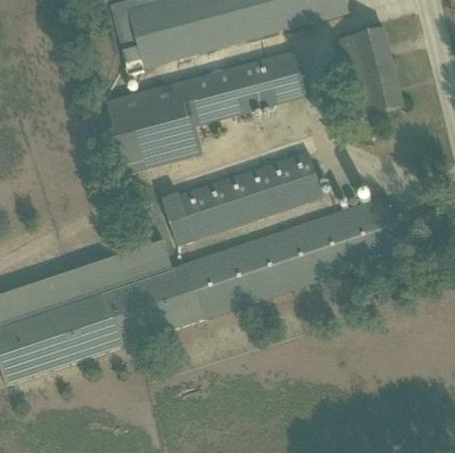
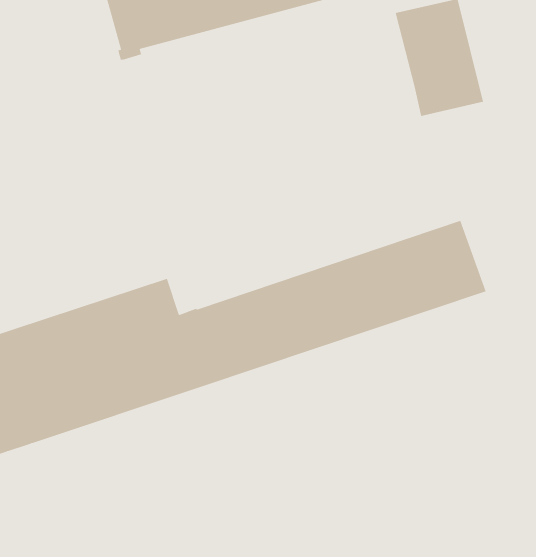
building: [94,49,307,174] -> none
building: [162,152,330,245] -> none

